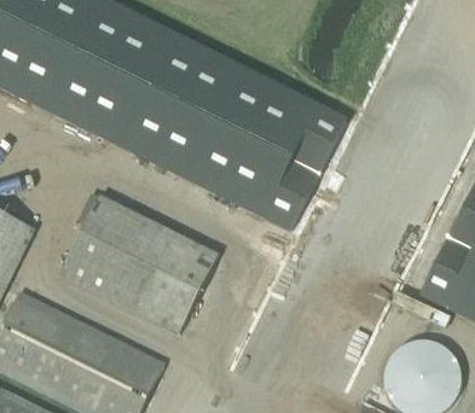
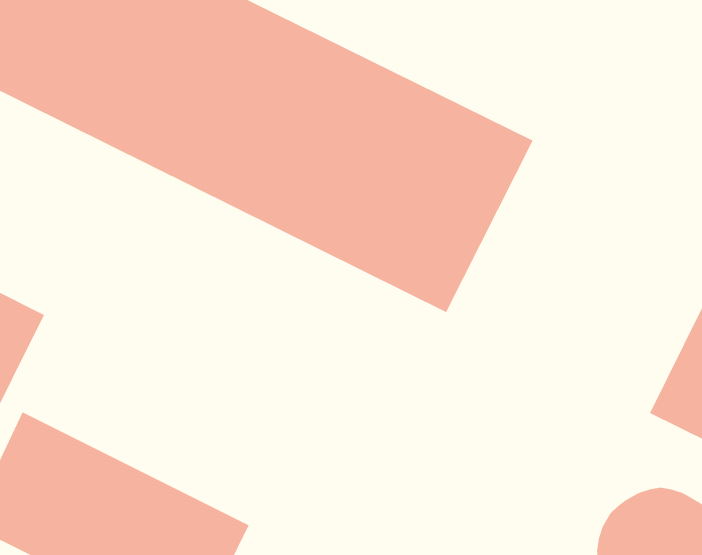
building: [62,193,221,333] -> none

